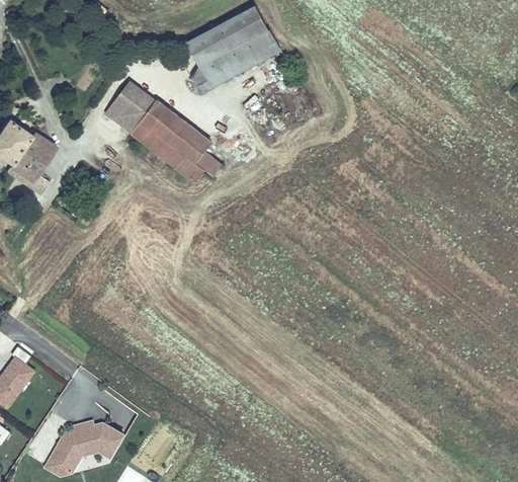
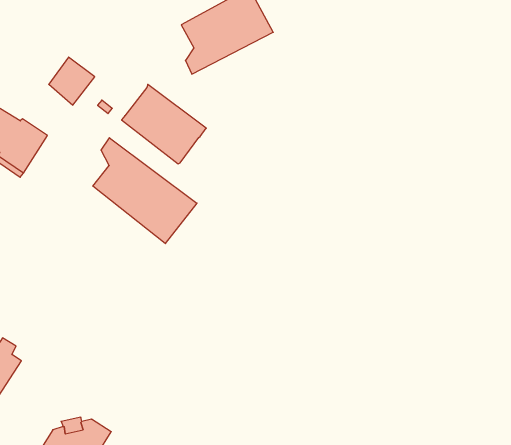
building: [110,83,155,130] -> [49,57,95,105]
building: [187,151,225,183] -> none
building: none -> [93,138,197,244]

